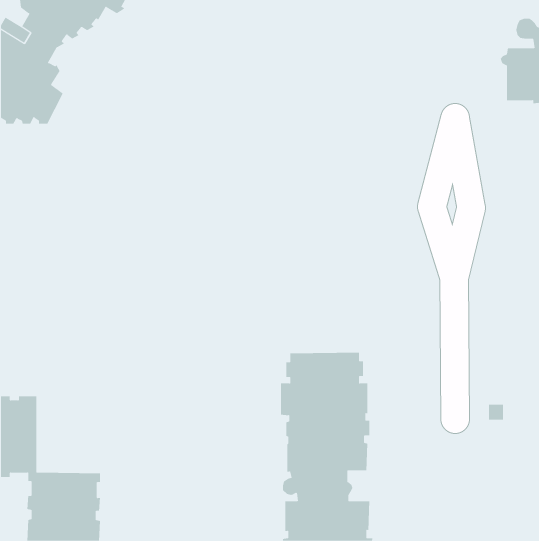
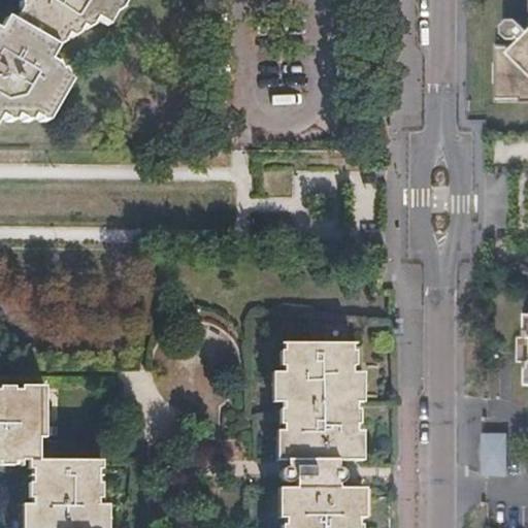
building: none -> [483,431,510,474]

